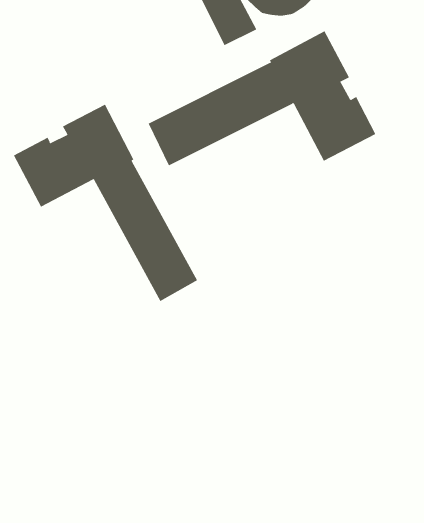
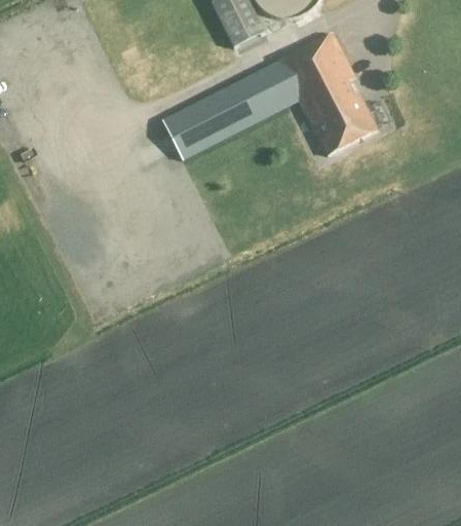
building: [13,104,198,302] -> none

